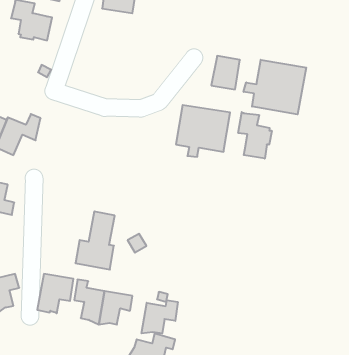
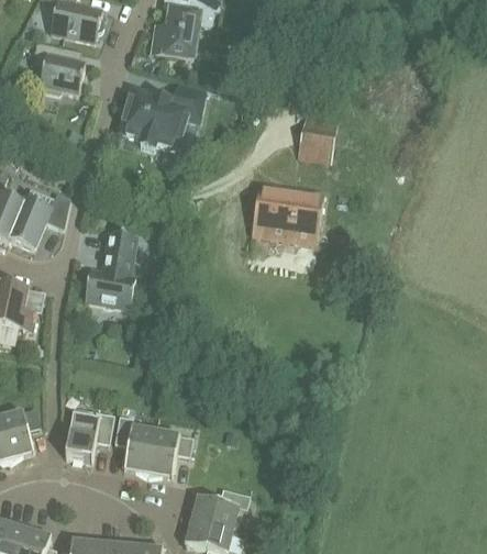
building: none -> [120,86,204,149]
building: [244,60,306,114] -> none
building: [238,112,272,159] -> none
building: [75,211,115,270] -> [84,231,136,309]
building: [142,300,178,333] -> none

